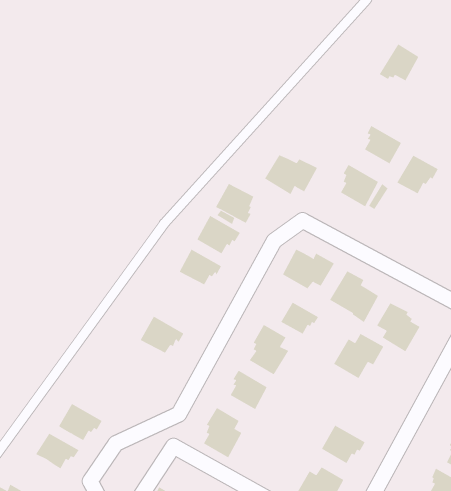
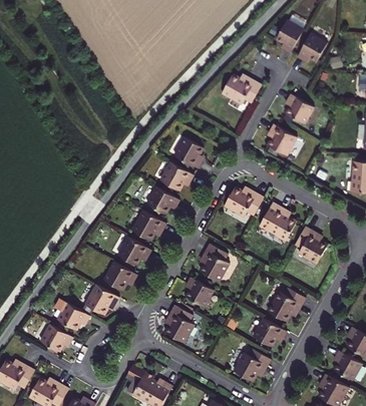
building: none -> [277,20,304,52]
building: [264,154,318,195] -> [222,74,262,104]
building: [396,155,438,194] -> none
building: none -> [132,210,166,241]
building: [281,302,319,335] -> none
building: [333,333,384,379] -> [268,287,306,321]
building: none -> [104,262,137,290]
building: none -> [85,284,119,315]

